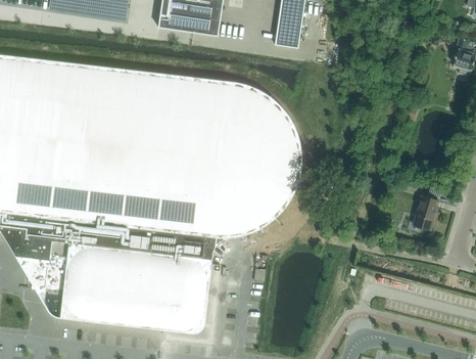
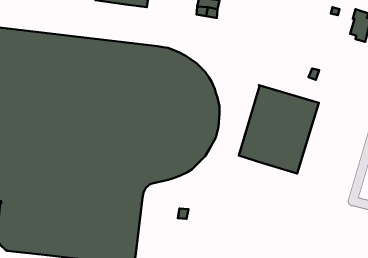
building: none -> [239,85,319,174]
building: [412,195,437,229] -> none

